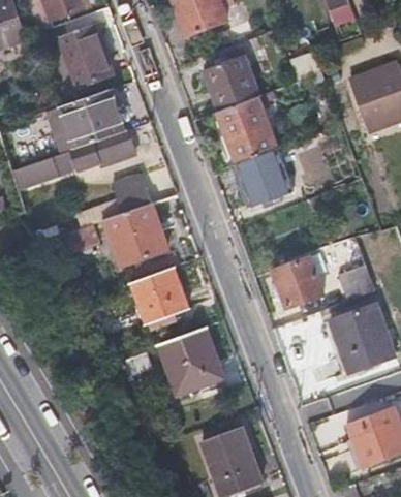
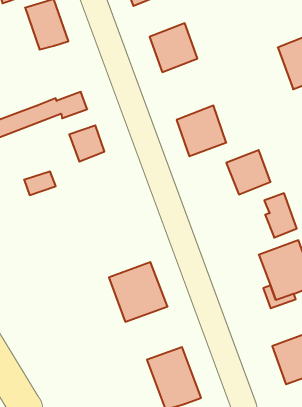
building: [61,89,124,149] -> none
building: [218,95,277,164] -> none
building: [104,201,168,266] -> none
building: [270,257,320,308] -> [226,150,271,194]
building: [131,267,189,324] -> none

